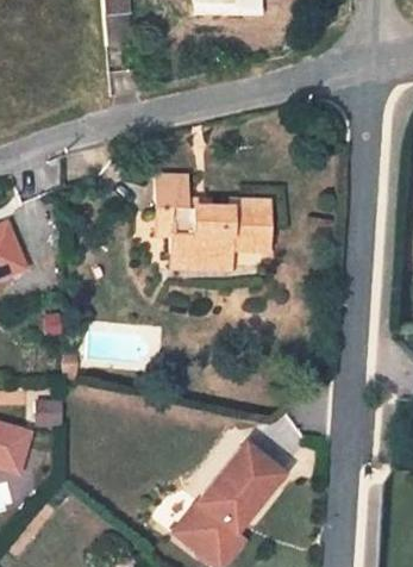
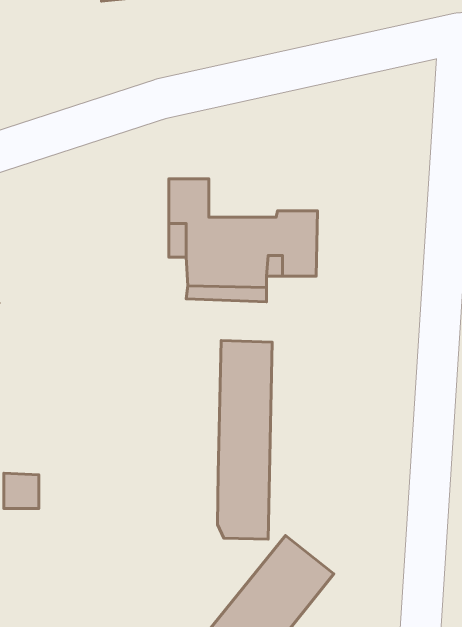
building: none -> [218,340,272,539]

